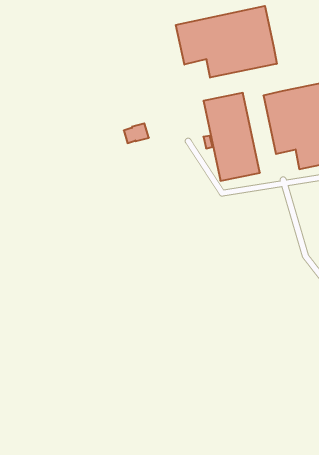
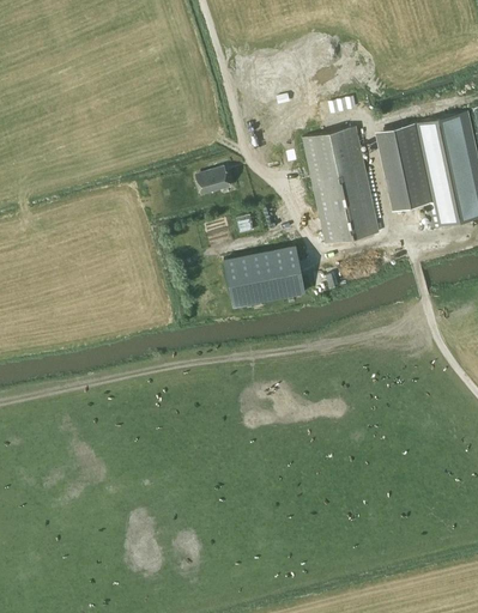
building: [176,6,277,78] -> none
building: none -> [224,247,305,309]

